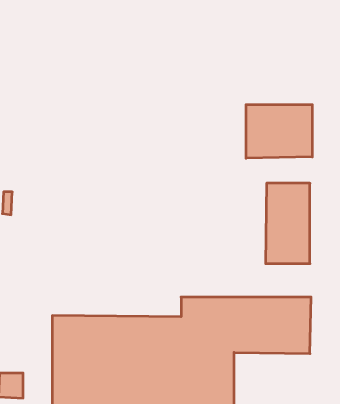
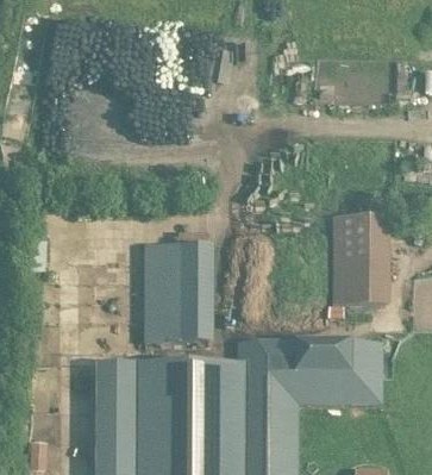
building: [246,105,312,158] -> none
building: none -> [145,240,208,338]

